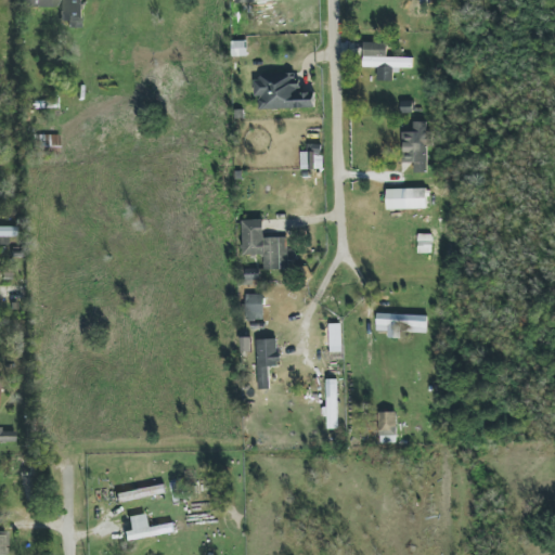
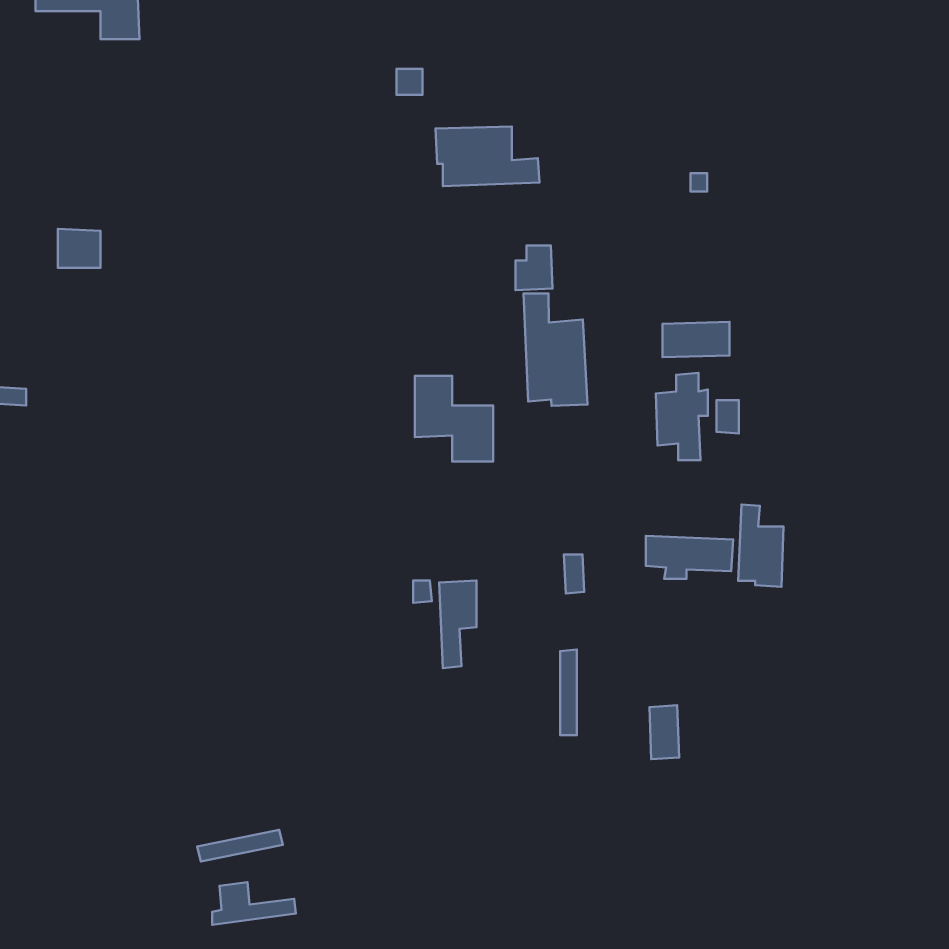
building: [362,41,412,80] -> none
building: [400,120,430,171] -> [656,373,708,460]
building: none -> [524,293,588,406]
building: [245,294,263,320] -> none
building: none -> [738,504,783,587]

